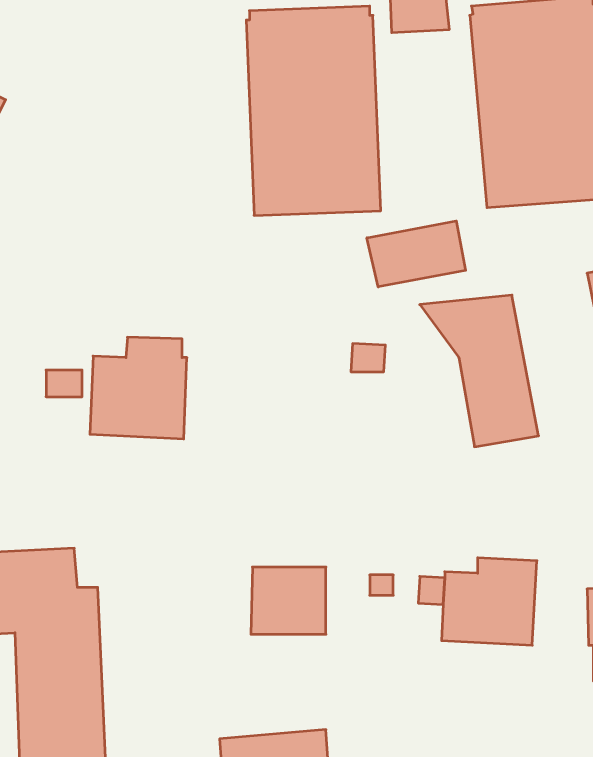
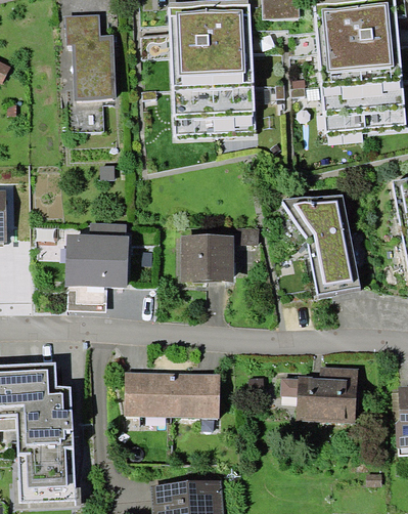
building: none -> [64,14,116,101]
building: [367,221,466,287] -> none
building: none -> [181,234,234,284]
building: none -> [124,372,172,417]

